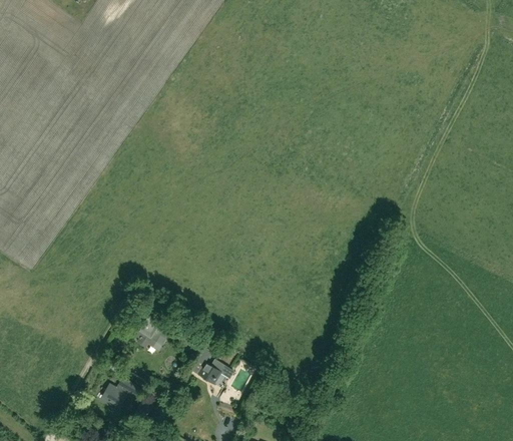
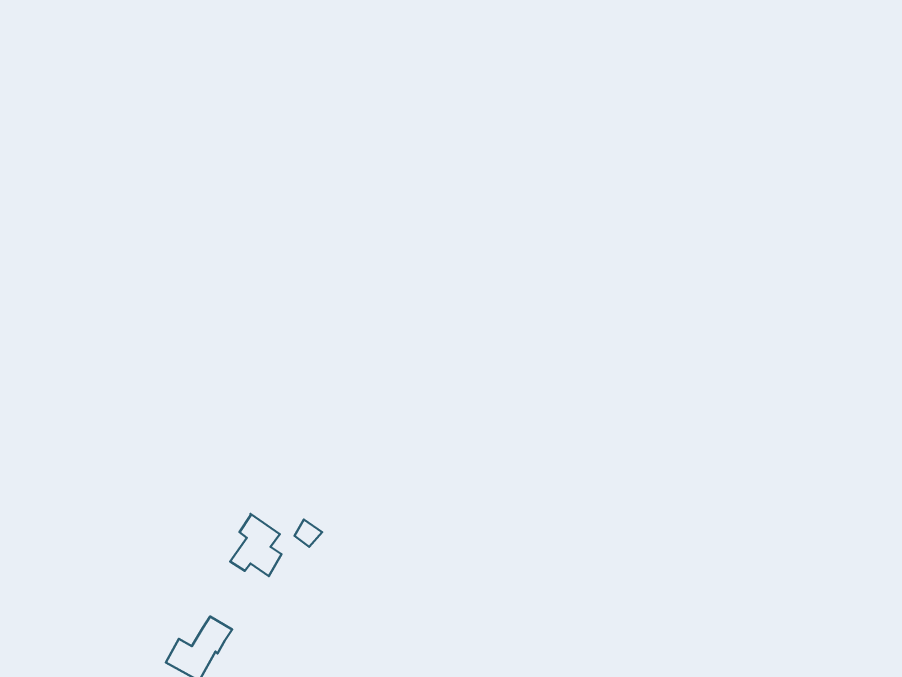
building: [196,362,232,384] -> none

